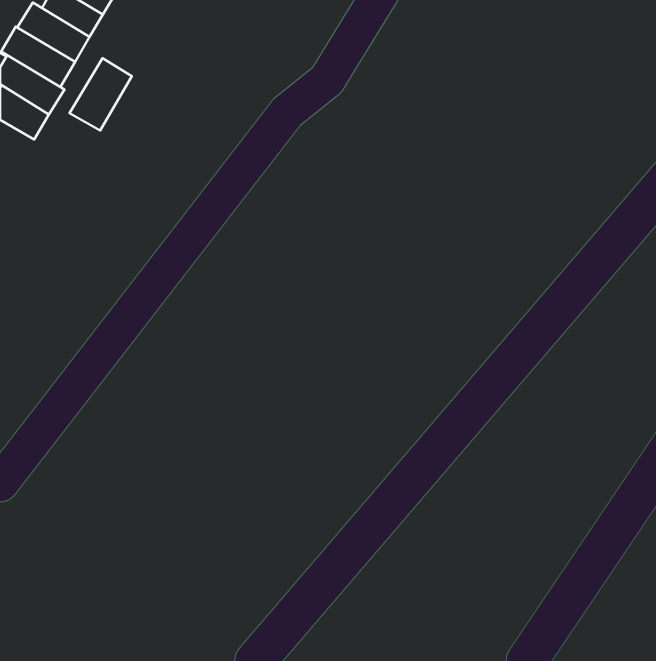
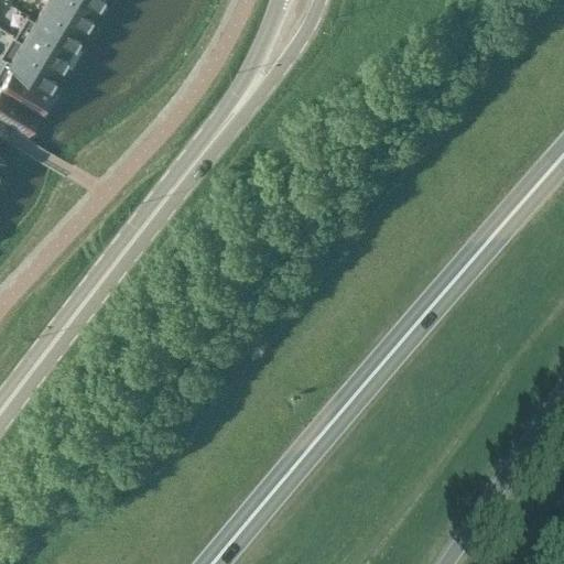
building: [70,58,132,131] -> none

